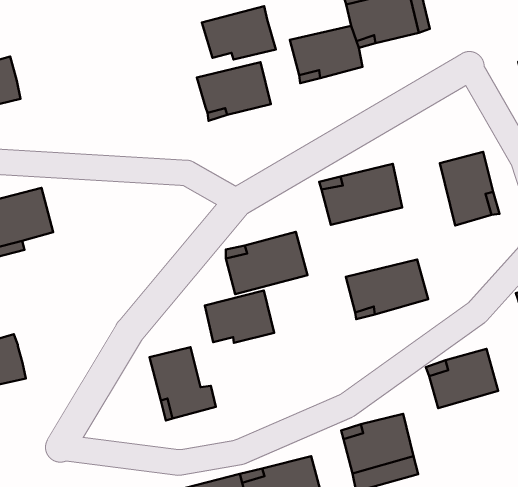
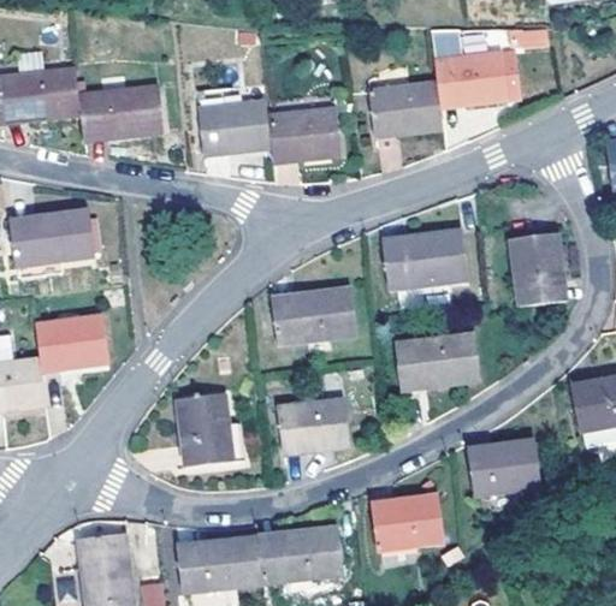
building: [202,6,276,60] -> [200,99,273,150]
building: none -> [79,83,166,136]
building: none -> [36,313,109,366]
building: [205,291,274,343] -> [279,399,348,450]

